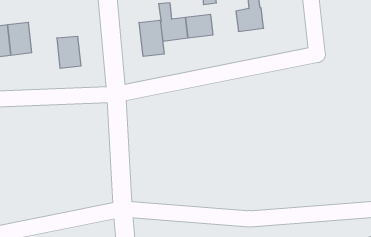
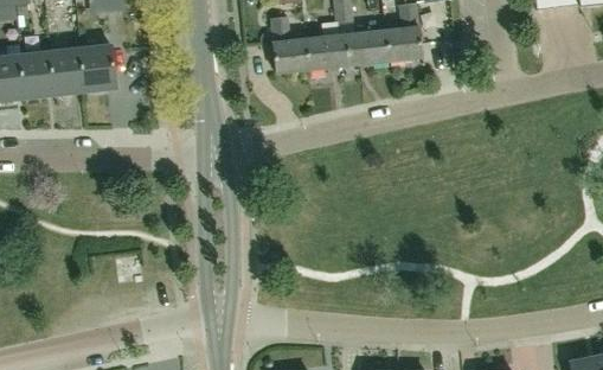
building: none -> [345,31,385,65]
building: [139,20,164,56] -> none
building: [57,37,81,68] -> [79,45,115,91]

